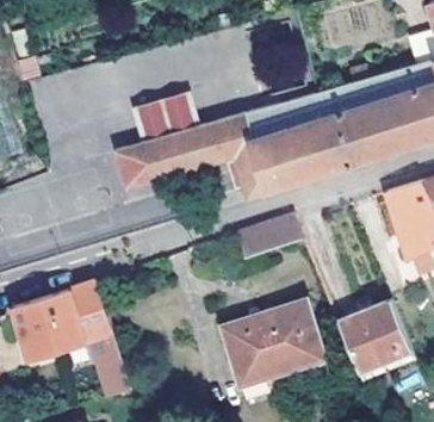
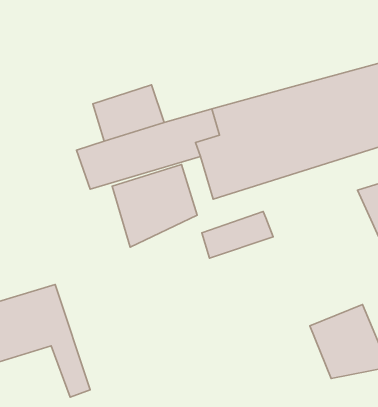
building: none -> [112,165,197,247]
building: [222,298,328,386] -> none

